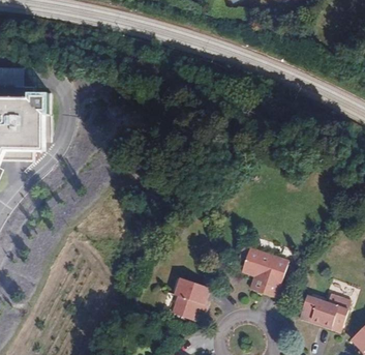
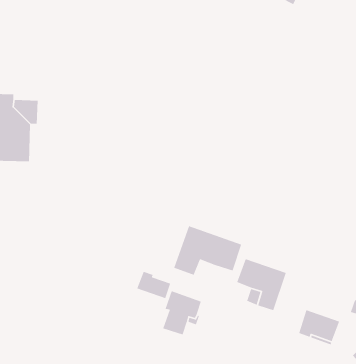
building: none -> [173,225,242,276]
building: none -> [136,271,171,299]

